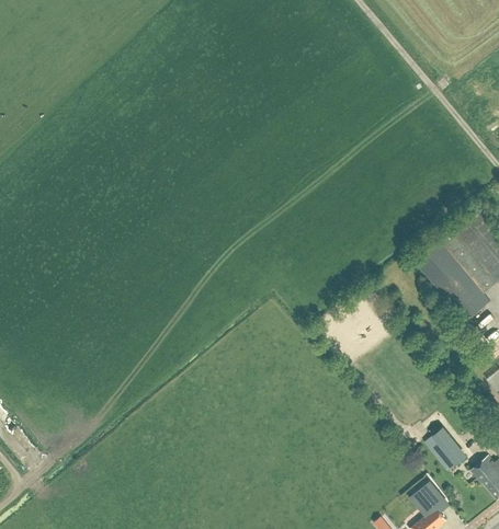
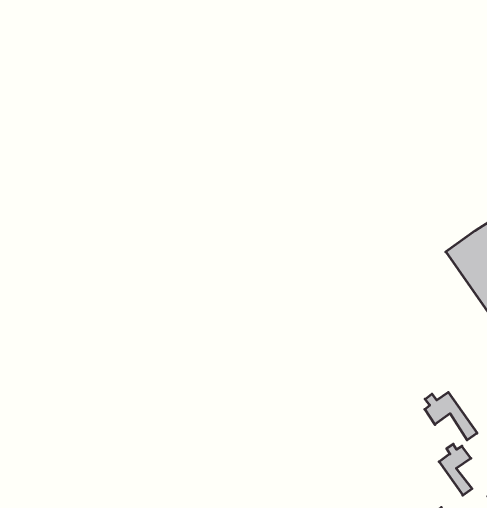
building: none -> [425,392,477,440]

